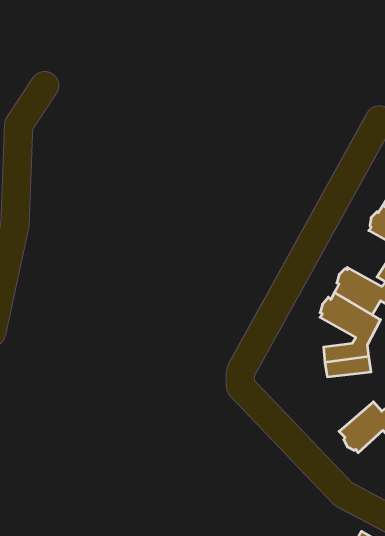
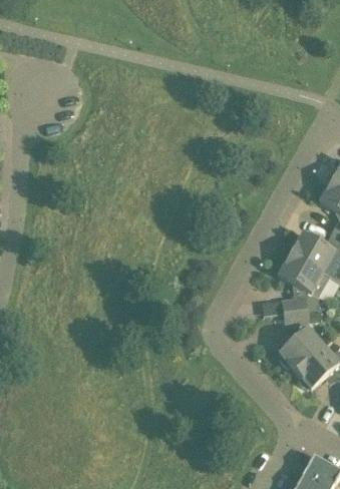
building: none -> [279,328,324,371]

